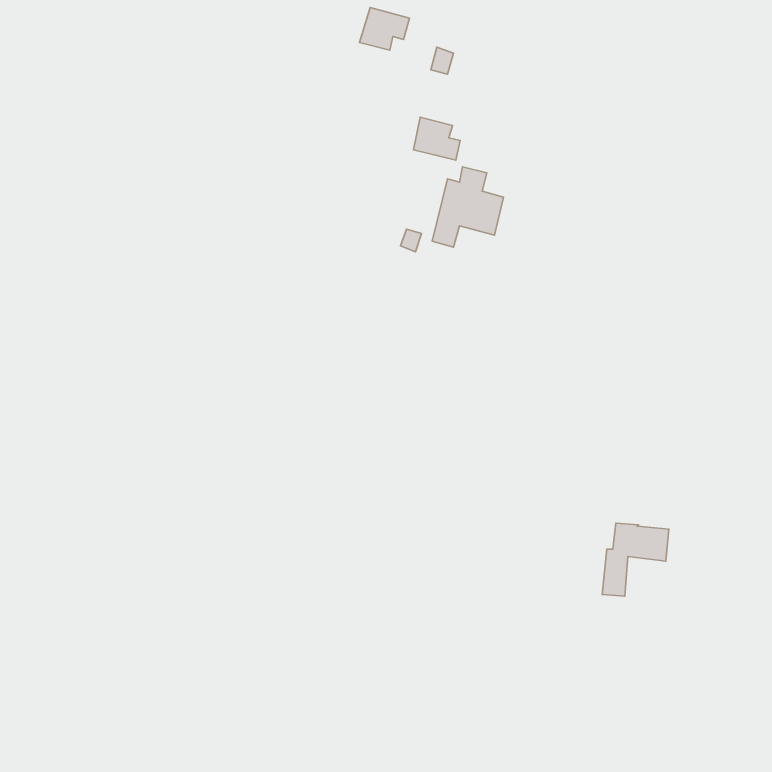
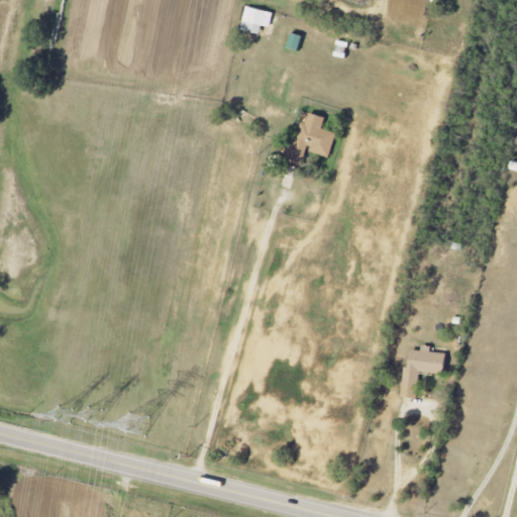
building: [414,117,460,160] -> none

